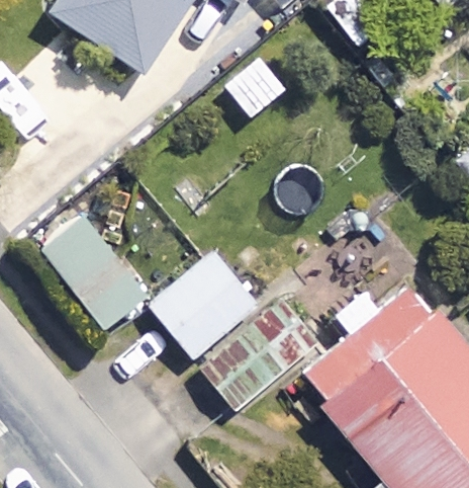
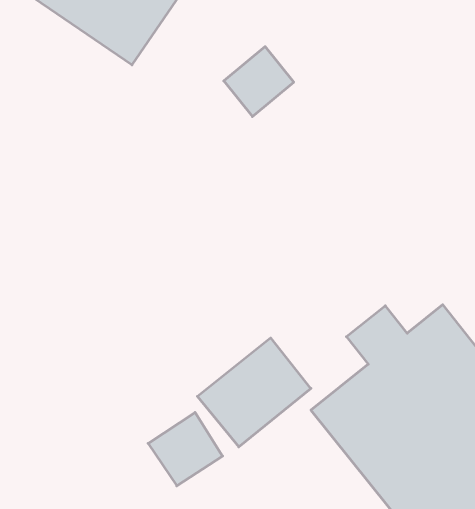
building: [37,212,147,331] -> none
building: [150,252,258,357] -> none

